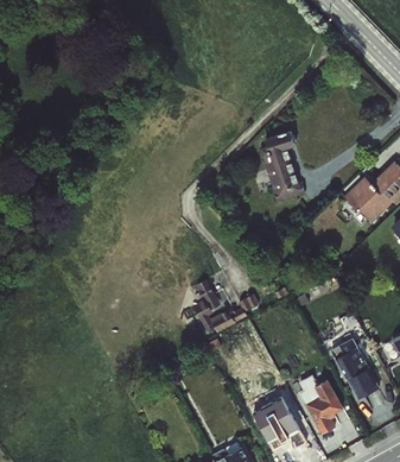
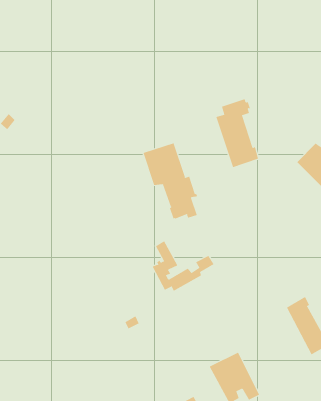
building: none -> [143,142,198,220]
building: [298,375,341,435] -> none

